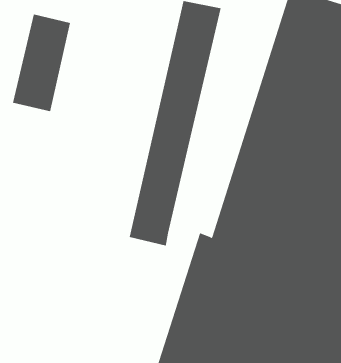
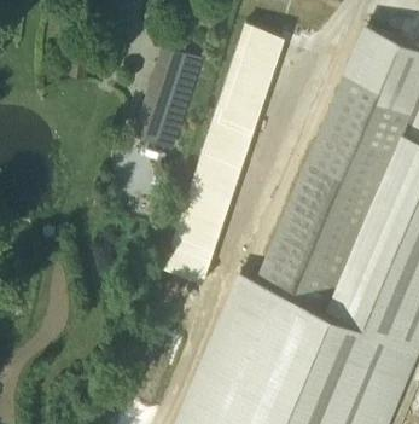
building: [12,14,71,112] -> [135,46,205,151]

